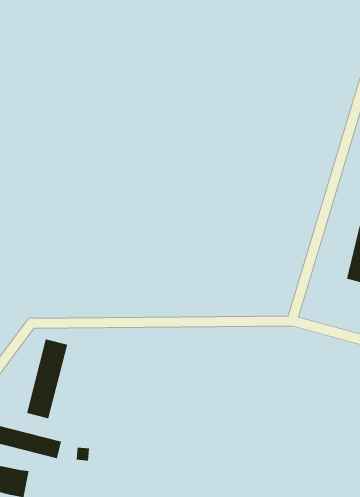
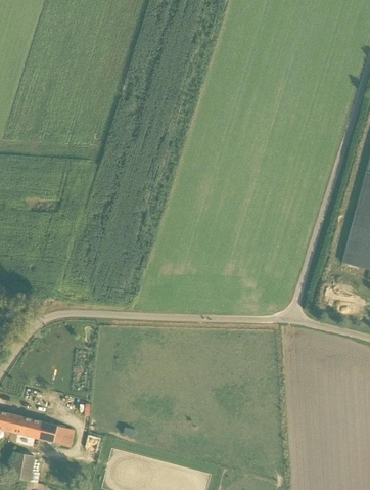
building: [26,338,68,419] -> none

